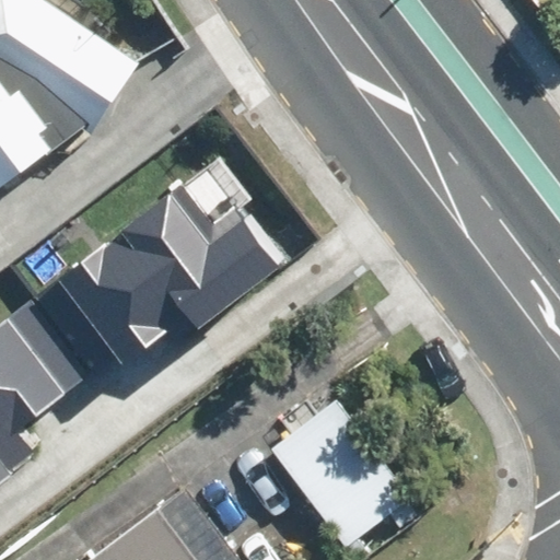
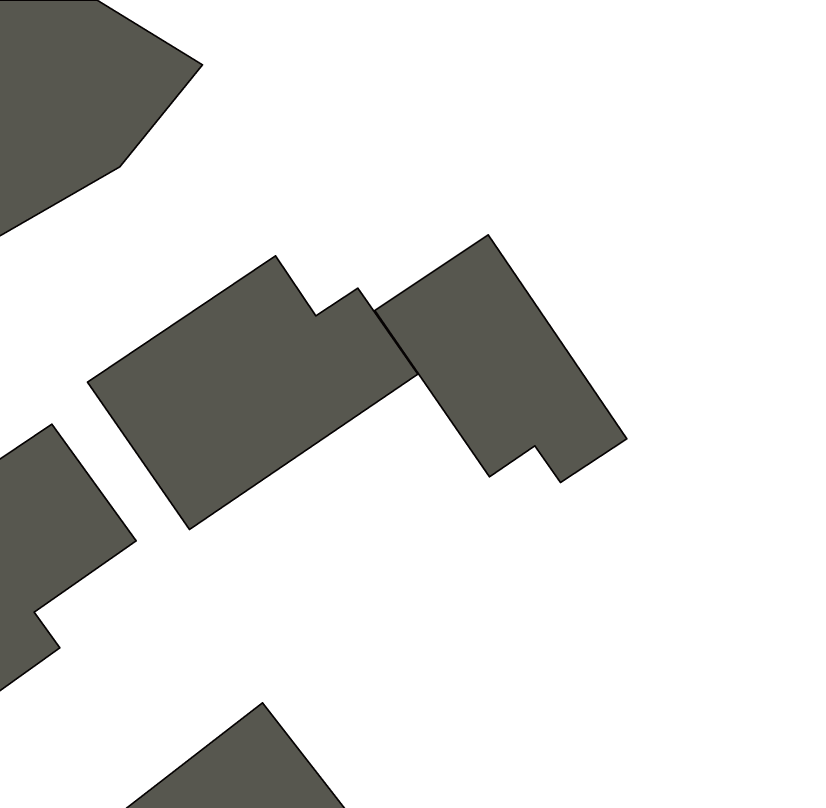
building: none -> [375,235,627,483]
building: [267,406,418,553] -> none

